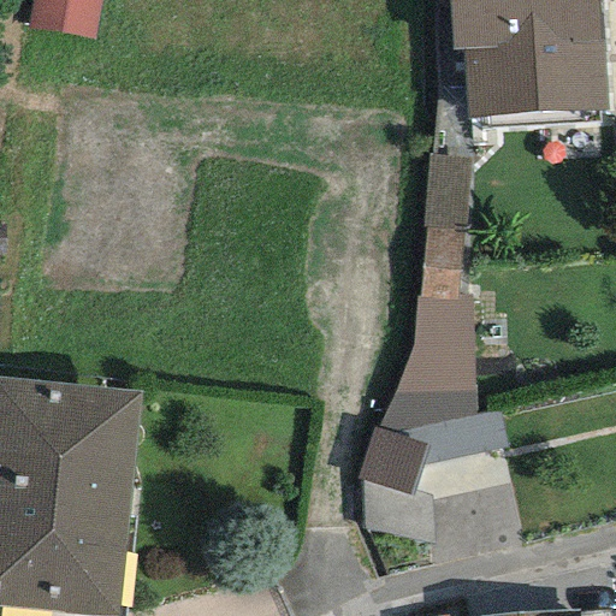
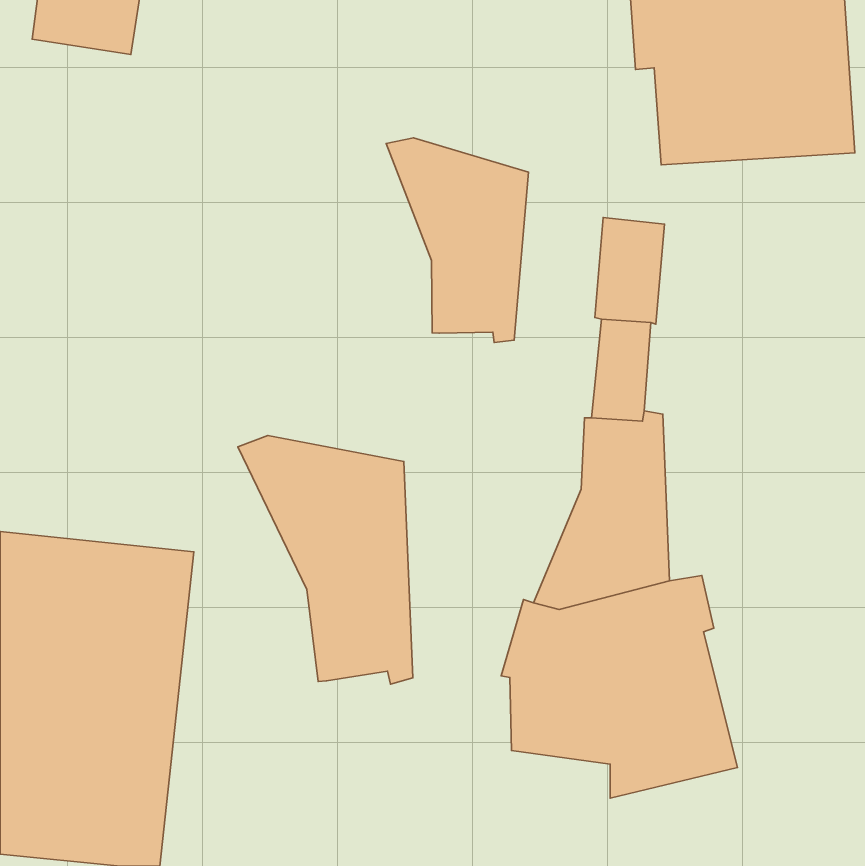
building: none -> [386,138,528,343]
building: none -> [238,435,413,684]

